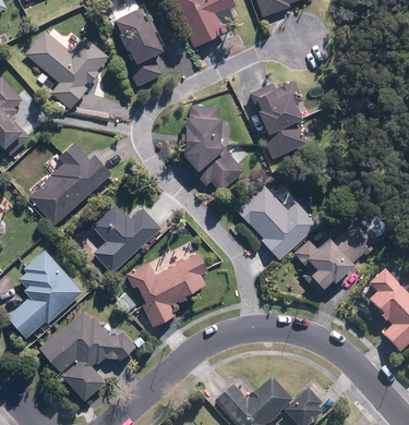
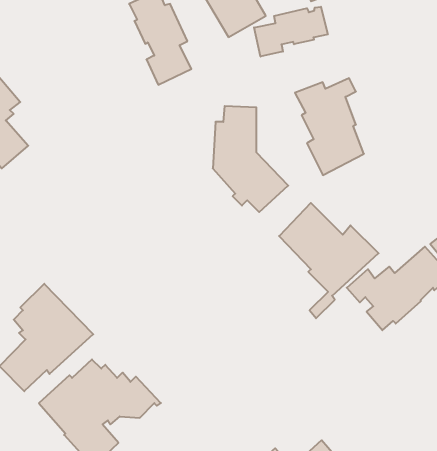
building: none -> [254,7,328,57]
building: [23,27,109,108] -> none
building: [29,141,111,226] -> none
building: [91,203,160,274] -> none
building: [127,252,208,327] -> none

